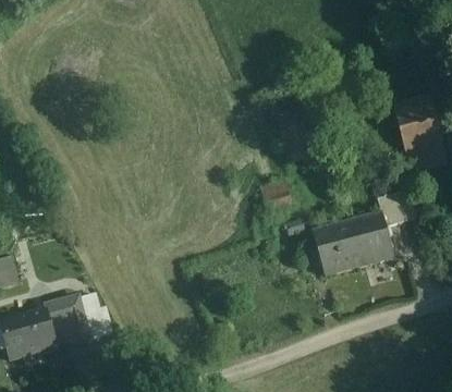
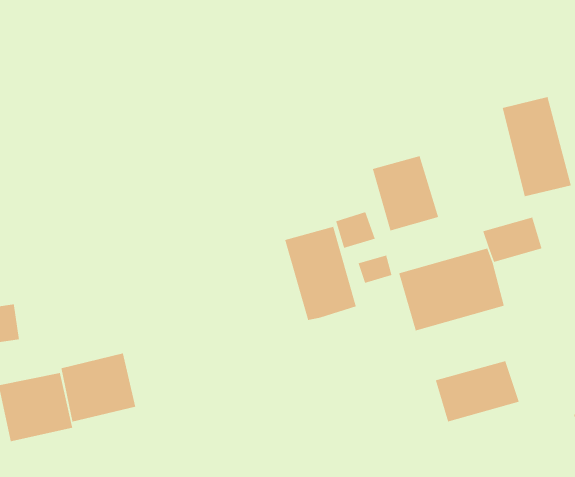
building: none -> [372,155,439,231]
building: none -> [284,226,357,321]
building: none -> [435,360,520,422]

